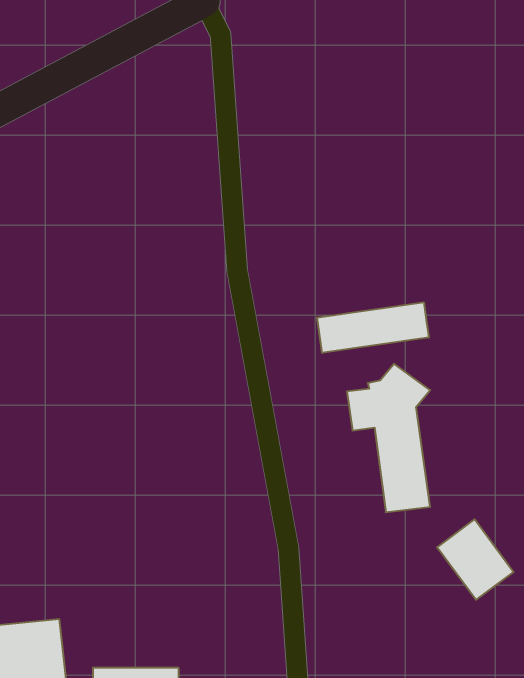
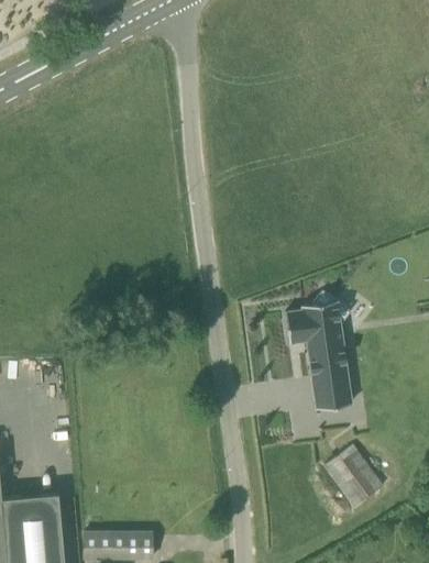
building: [317,302,429,353] -> none
building: [437,519,514,600] -> [322,445,383,509]

